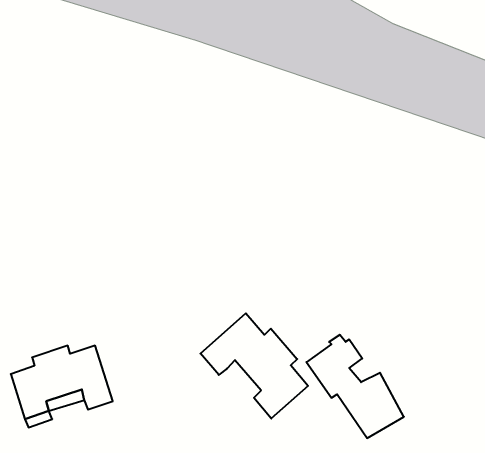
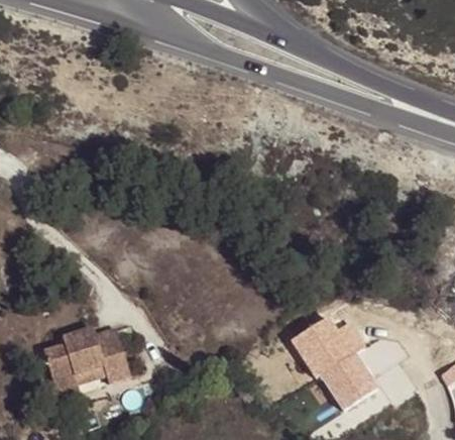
building: [200,313,308,419] -> none

